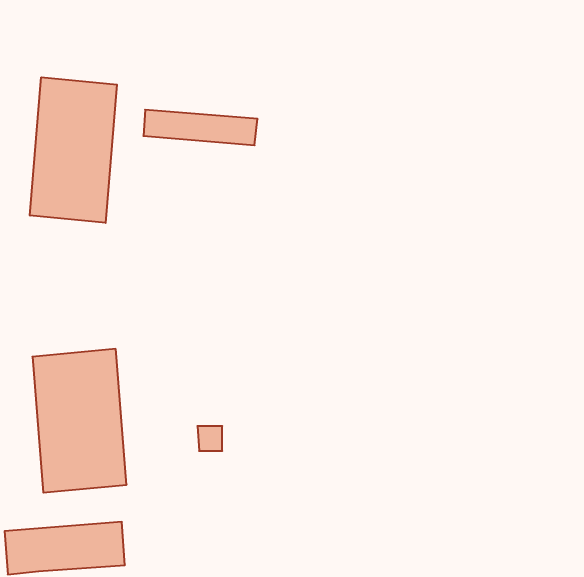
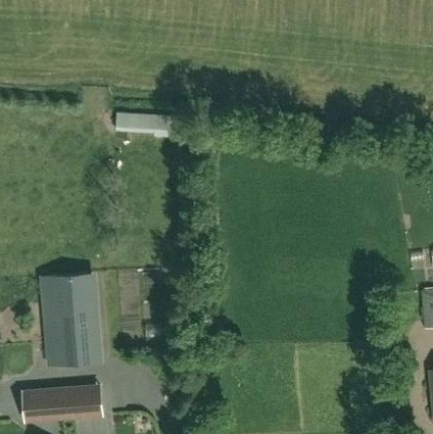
building: [30,77,117,223] -> none

